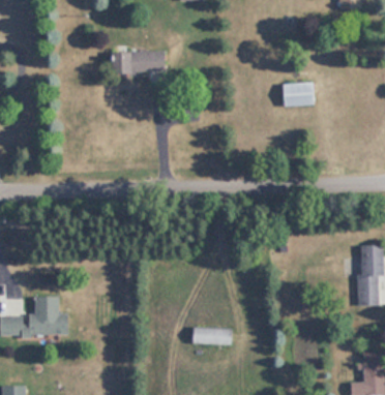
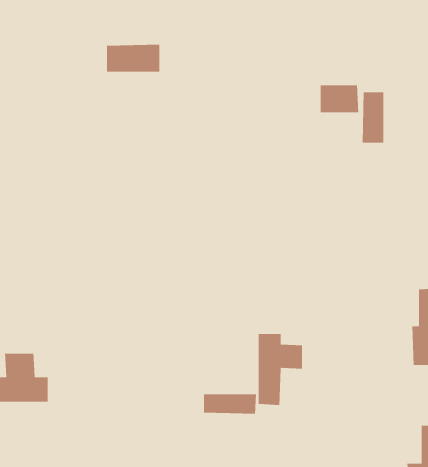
building: none -> [362,91,384,143]
building: none -> [258,333,303,406]

